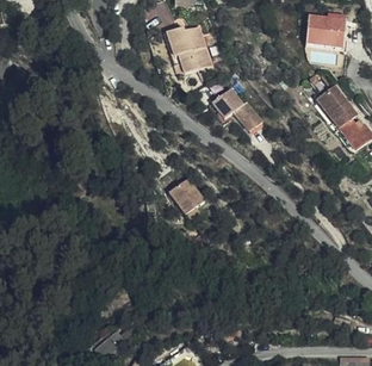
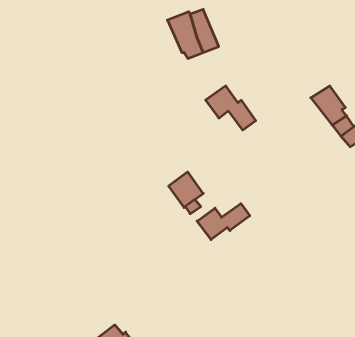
building: [299,17,339,49] -> none
building: none -> [197,204,250,240]

